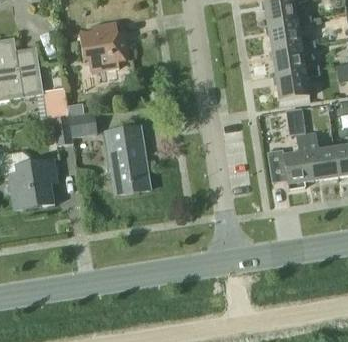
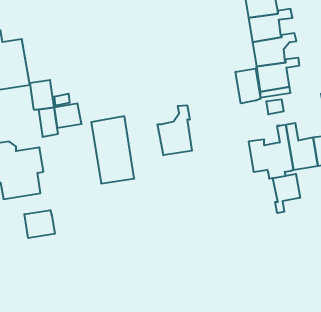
building: [78,21,129,73] -> none
building: none -> [236,68,260,103]
building: none -> [158,105,192,155]
building: none -> [273,174,300,213]
building: none -> [24,210,55,238]

